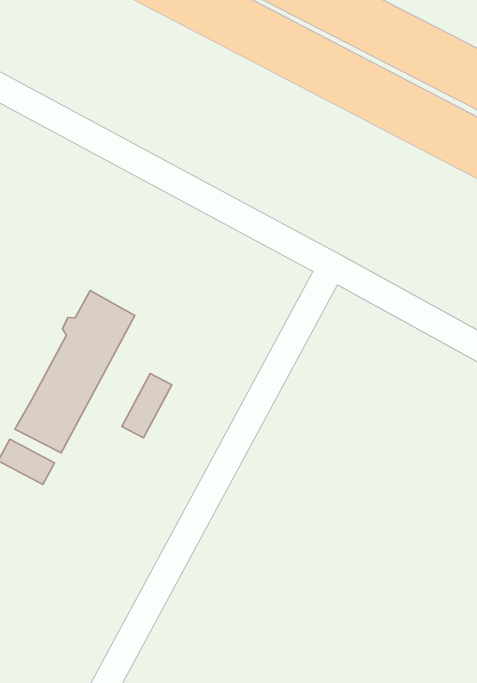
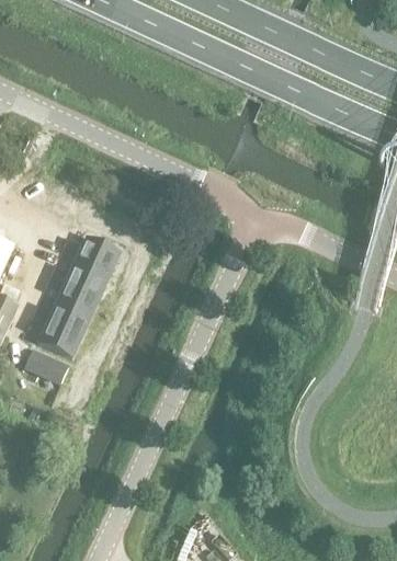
building: [122,374,172,438] -> none

